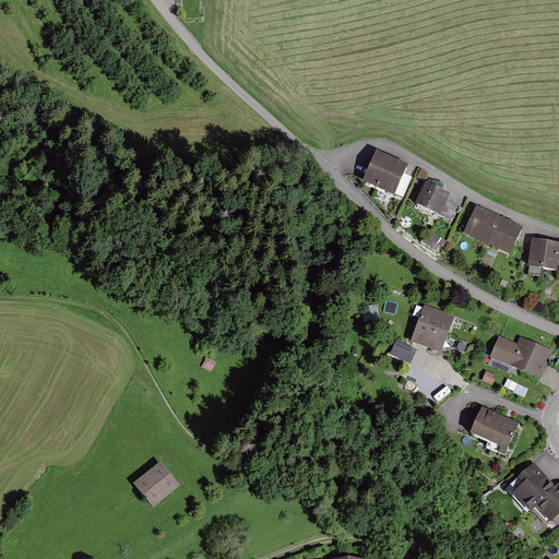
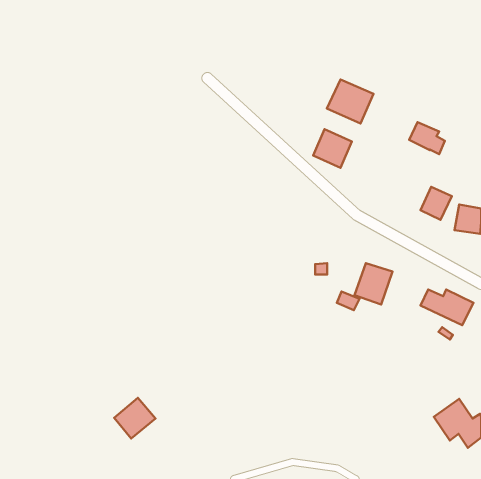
building: none -> [327,80,373,124]
building: [415,182,456,219] -> [409,122,445,154]
building: [463,205,499,243] -> none
building: [469,406,519,455] -> none

